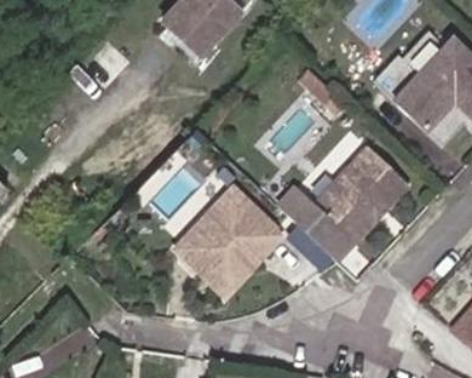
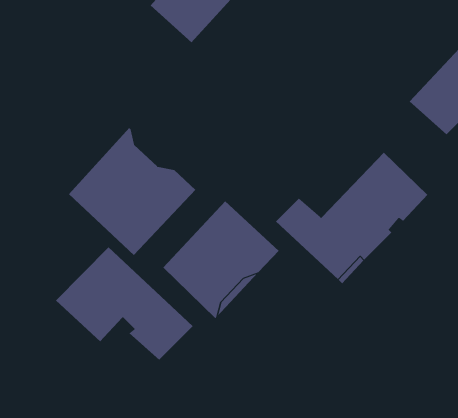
building: none -> [68,127,196,256]
building: none -> [55,246,193,360]

